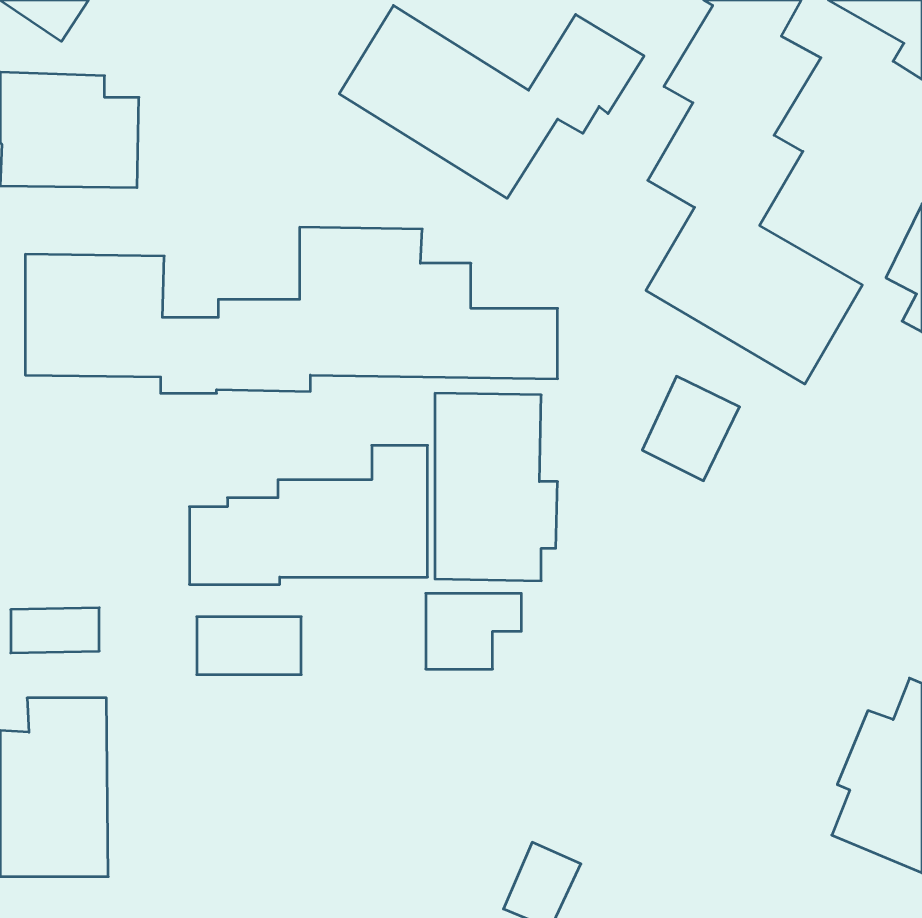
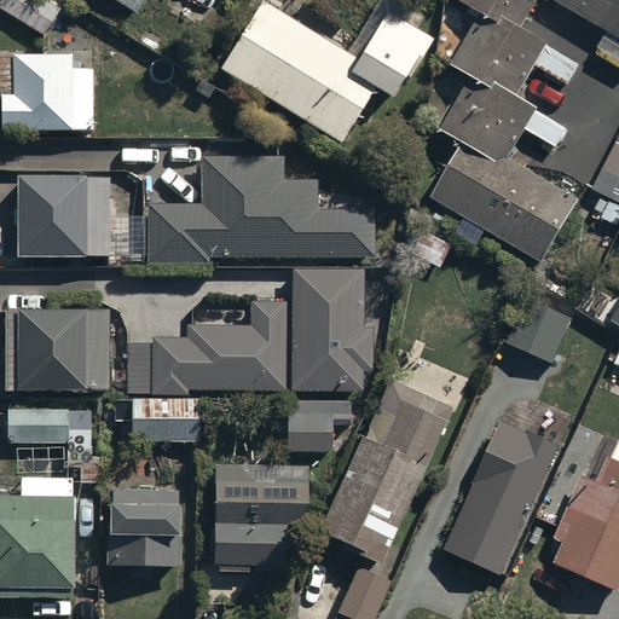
building: [642,376,740,481] -> [509,295,574,365]
building: none -> [5,307,123,389]
building: none -> [320,383,449,557]
building: none -> [445,423,557,575]
building: none -> [215,468,314,572]
building: none -> [104,486,179,577]

